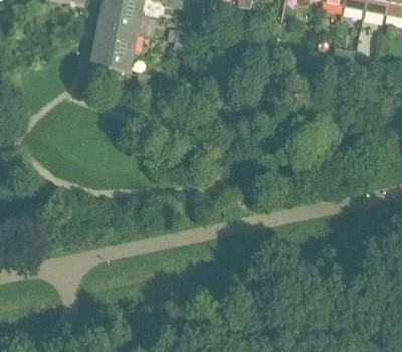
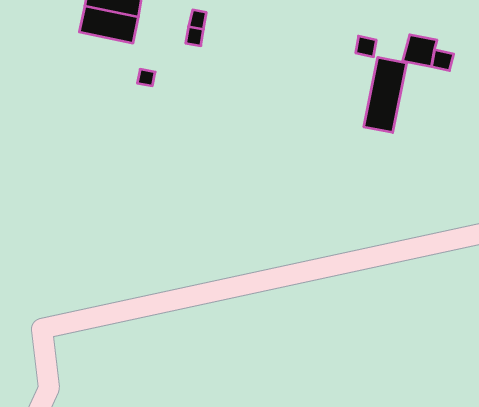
building: [90,43,134,71] -> none
building: none -> [364,57,407,133]

